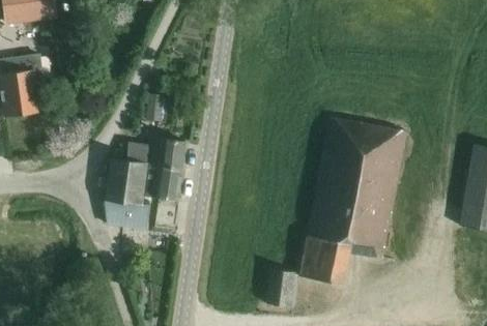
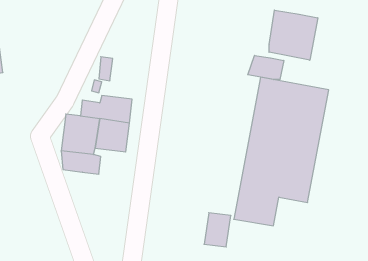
building: none -> [269,10,318,60]
building: none -> [248,55,284,80]

